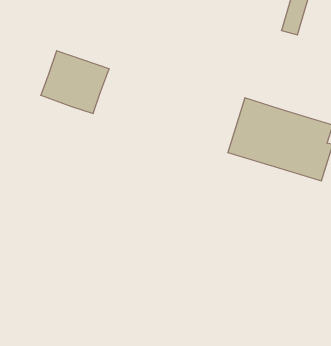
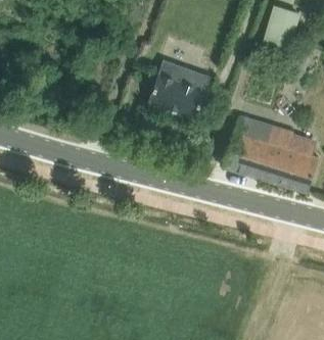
building: [41,51,109,113] -> [148,61,210,117]

